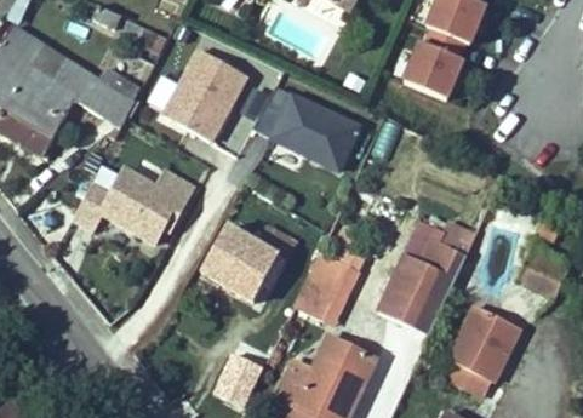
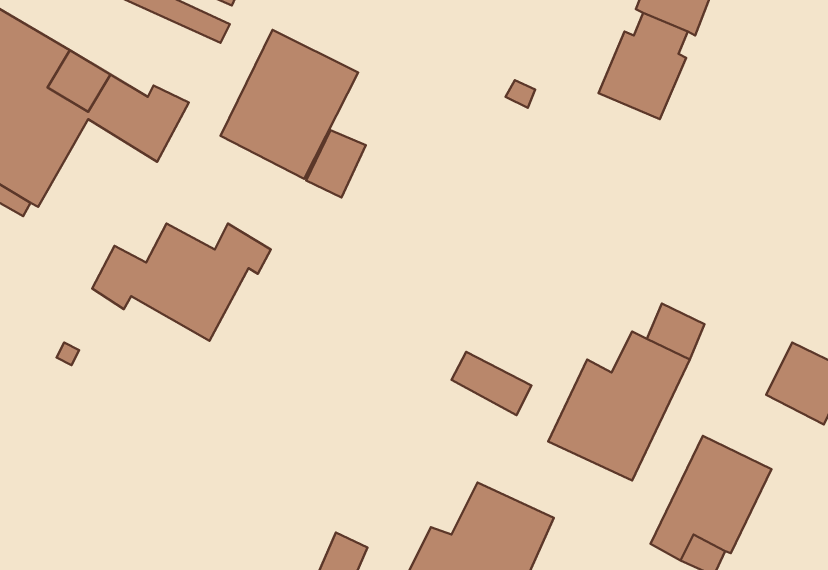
building: [253,95,355,174] -> none
building: [199,224,295,302] -> none
building: [293,269,353,326] -> none

